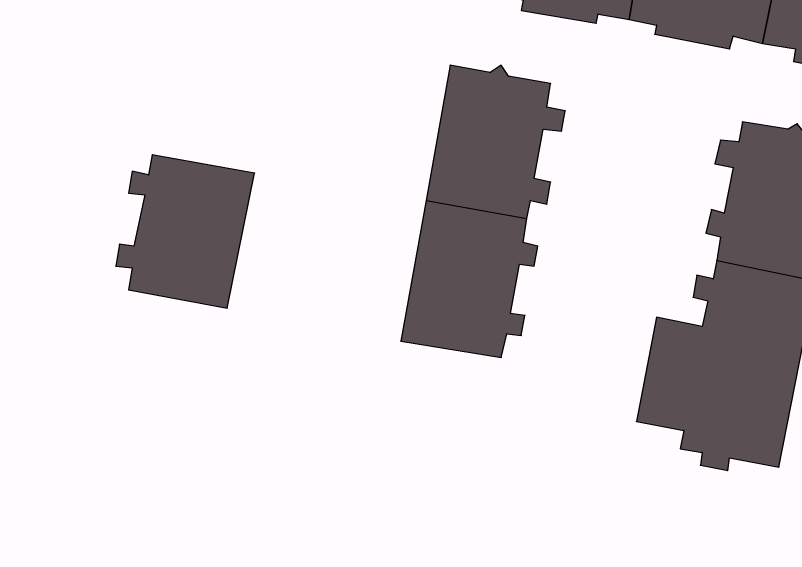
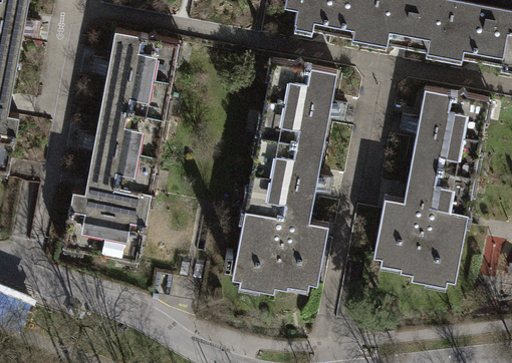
building: none -> [101,34,178,120]
building: none -> [61,185,149,262]
building: none -> [233,213,325,295]

